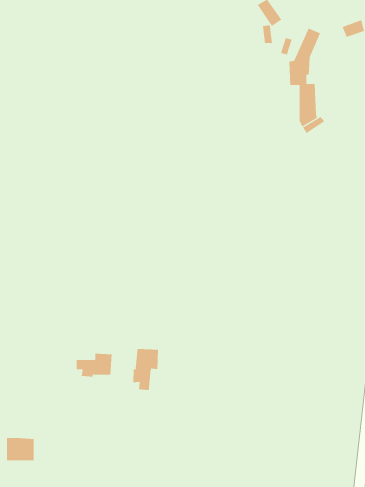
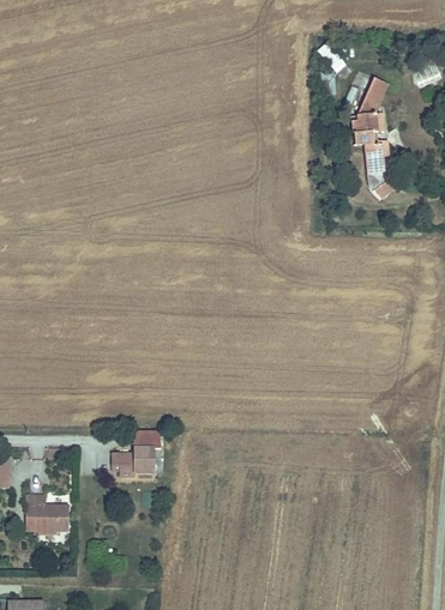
building: [133,348,159,391] -> none
building: [6,438,35,461] -> [34,505,66,531]

